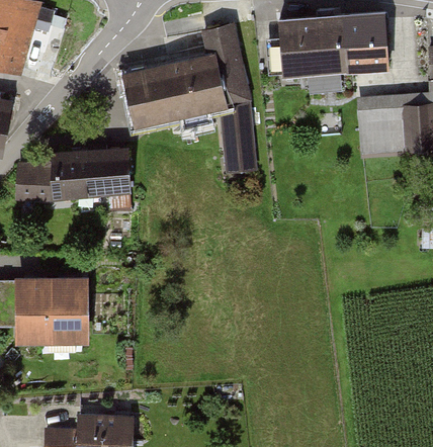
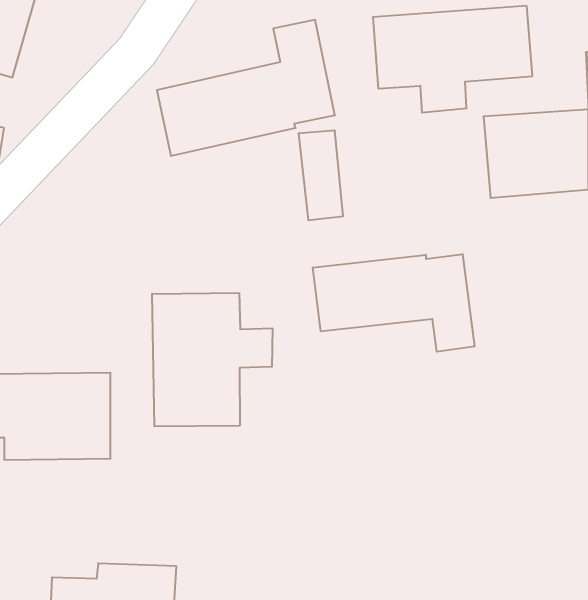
building: [17,149,133,197] -> none
building: none -> [313,254,475,352]
building: none -> [152,293,272,426]

